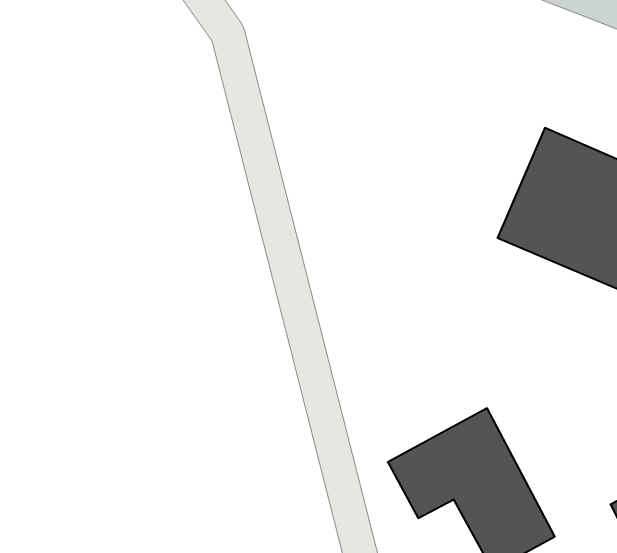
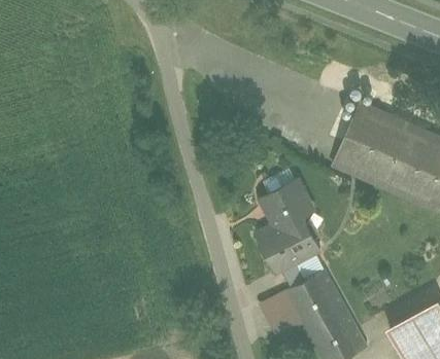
building: none -> [257,182,327,272]

